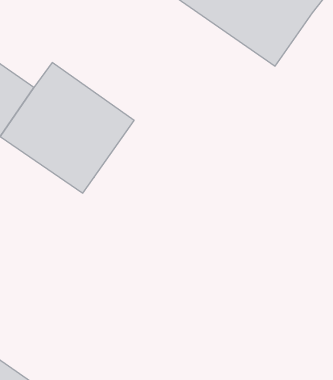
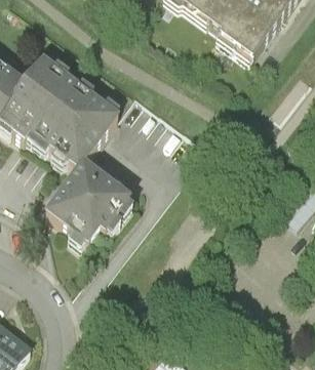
building: none -> [50,162,139,250]

